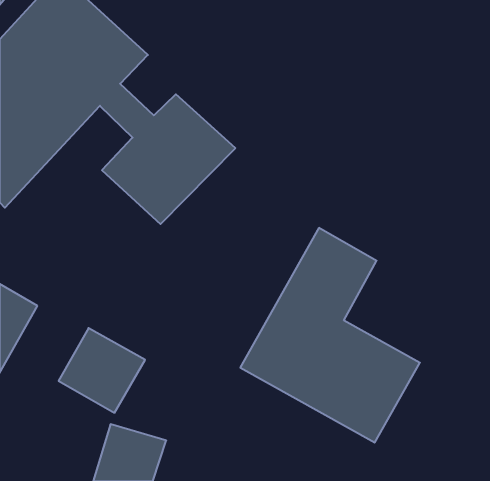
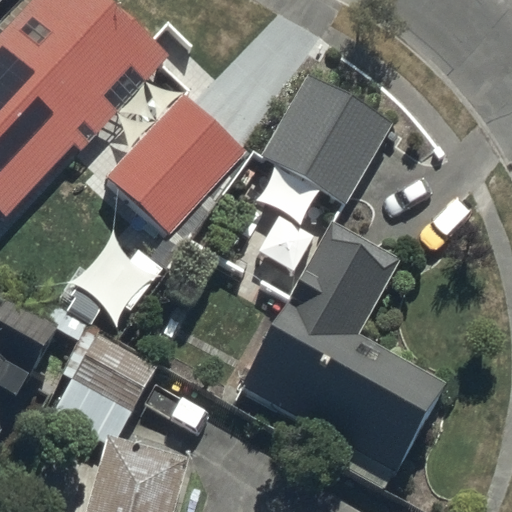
building: none -> [268,79,379,193]

